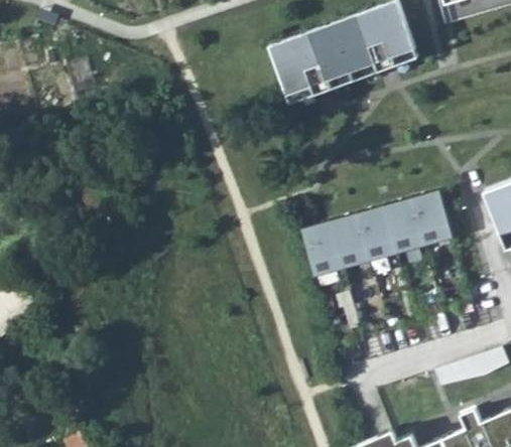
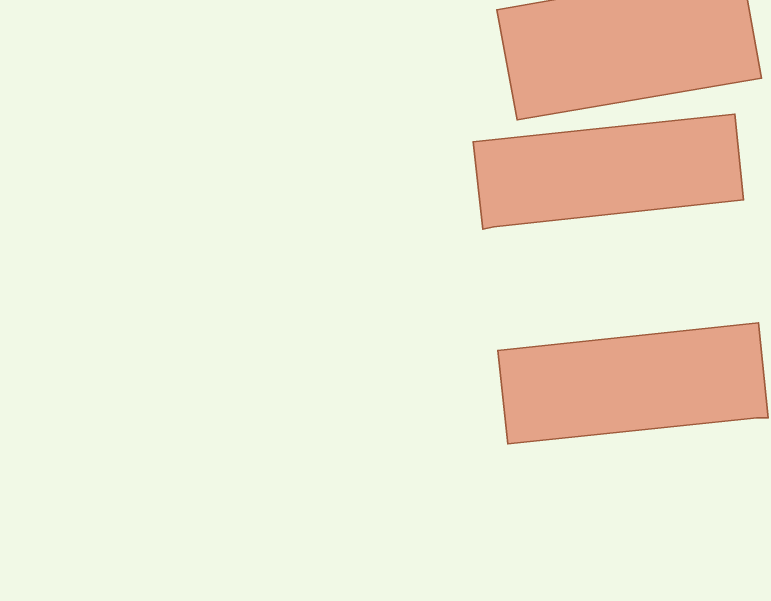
building: none -> [473,114,744,229]

